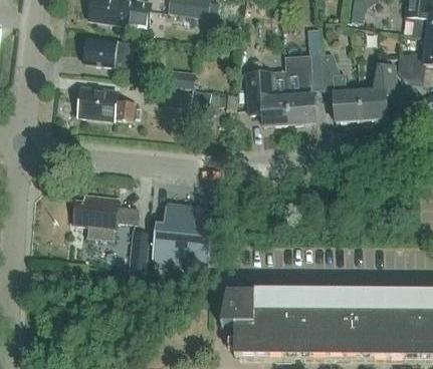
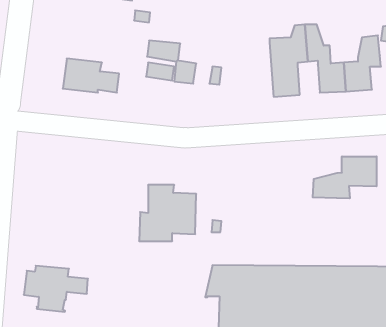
building: [82,36,133,69] -> none
building: [247,70,288,125] -> none
building: none -> [313,156,377,198]
building: [72,195,137,241] -> [24,266,88,312]
building: [128,230,149,272] -> none

